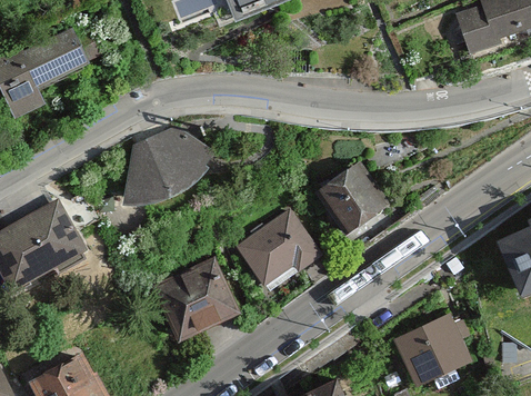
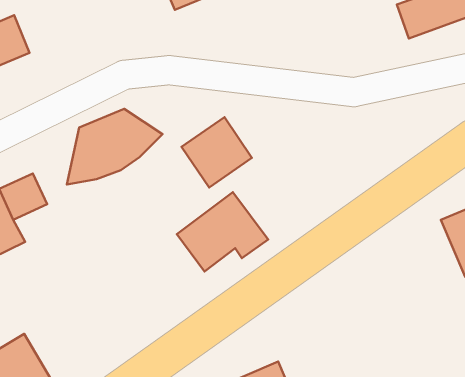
building: [319,156,390,227] -> [182,117,252,188]
building: [147,255,238,337] -> none
building: [398,318,474,389] -> none

